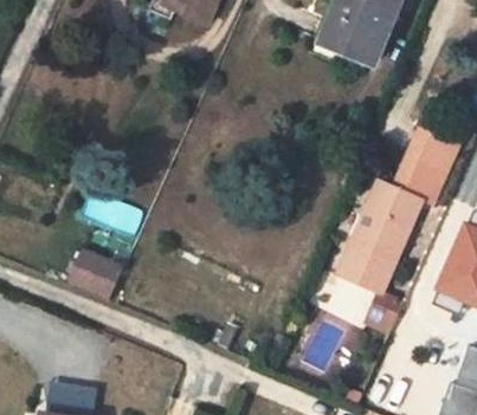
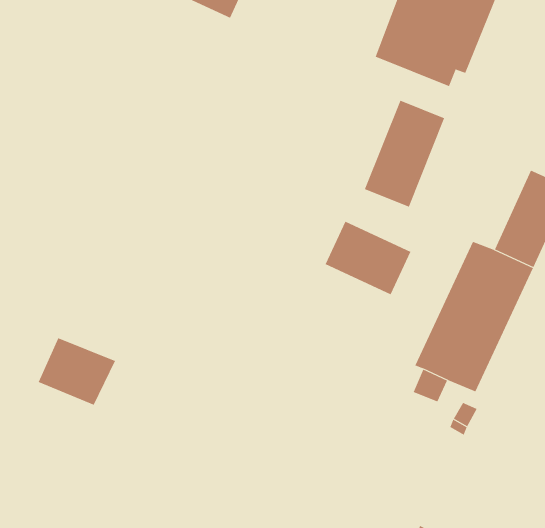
building: none -> [364,100,445,207]
building: none -> [325,221,411,295]

